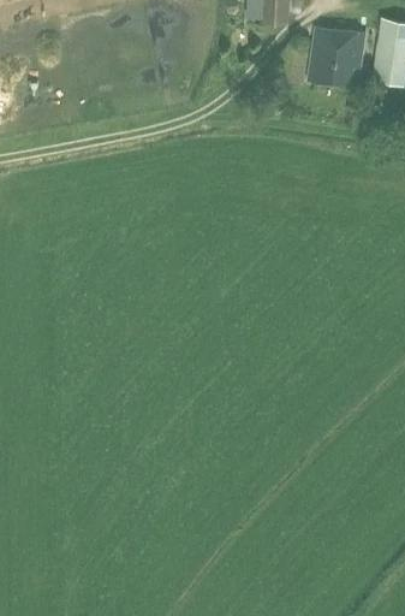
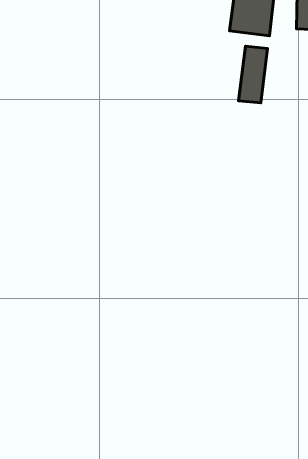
building: none -> [239,46,268,103]

